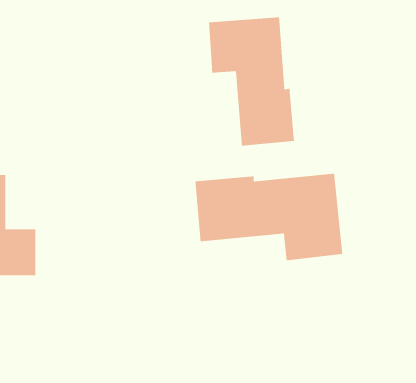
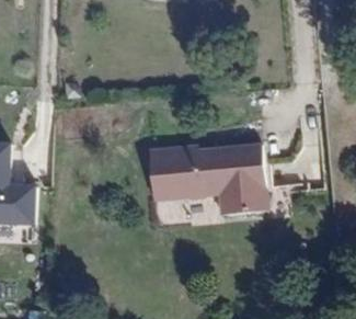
building: [208,16,295,146] -> none

